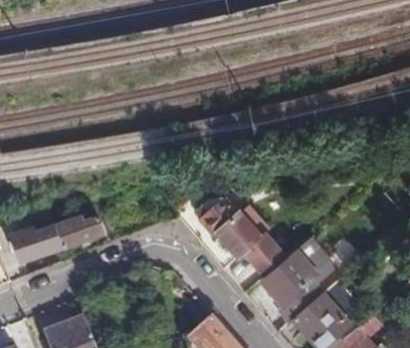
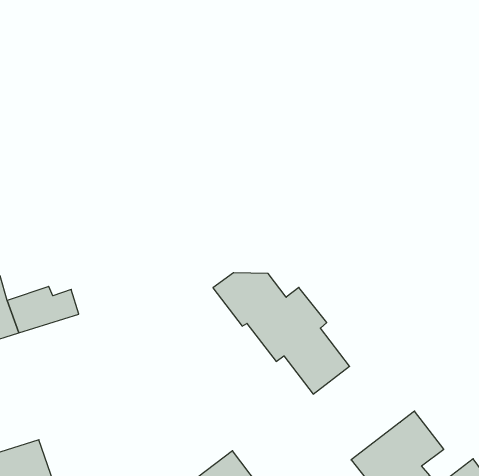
building: [258,236,332,321] -> none

